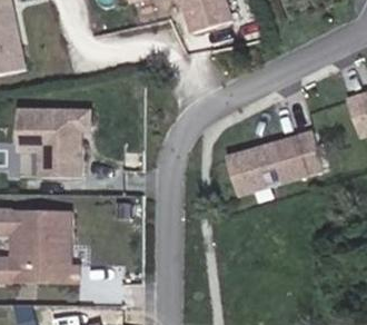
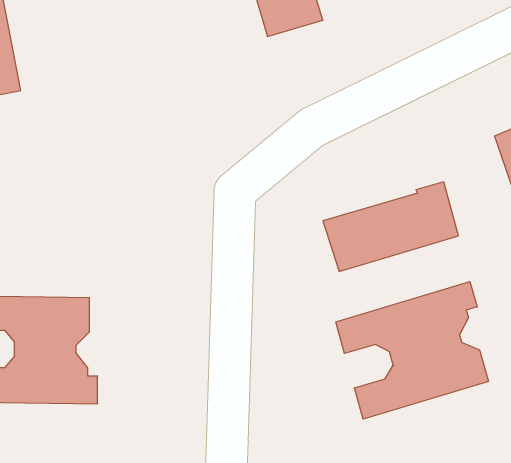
building: [17,108,89,176] -> none
building: none -> [336,282,488,419]

